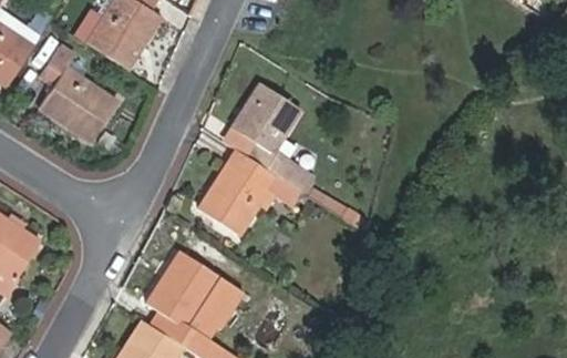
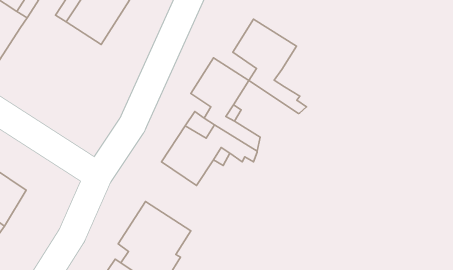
building: none -> [233,19,306,113]
building: [40,45,117,141] -> none

